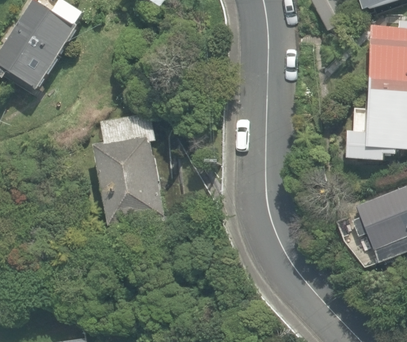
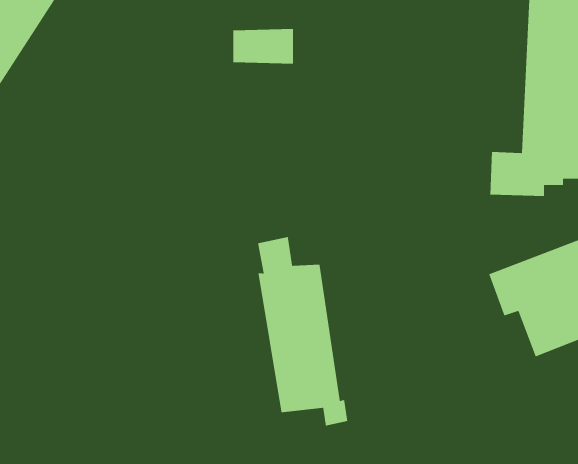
building: [95,120,164,226] -> none
building: none -> [257,236,348,426]

